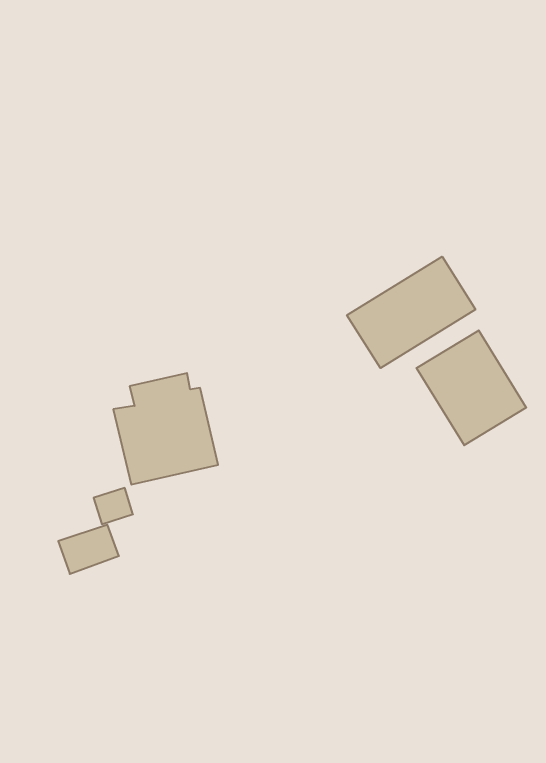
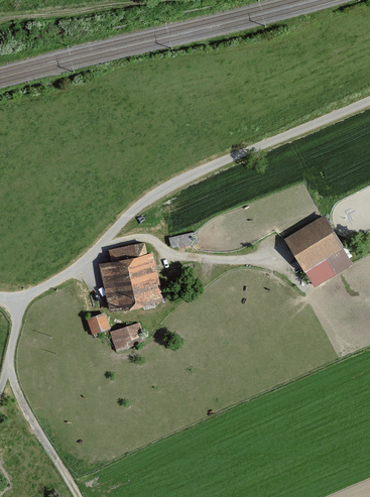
building: [347,257,475,368] -> none
building: [58,525,119,574] -> [109,323,146,353]

